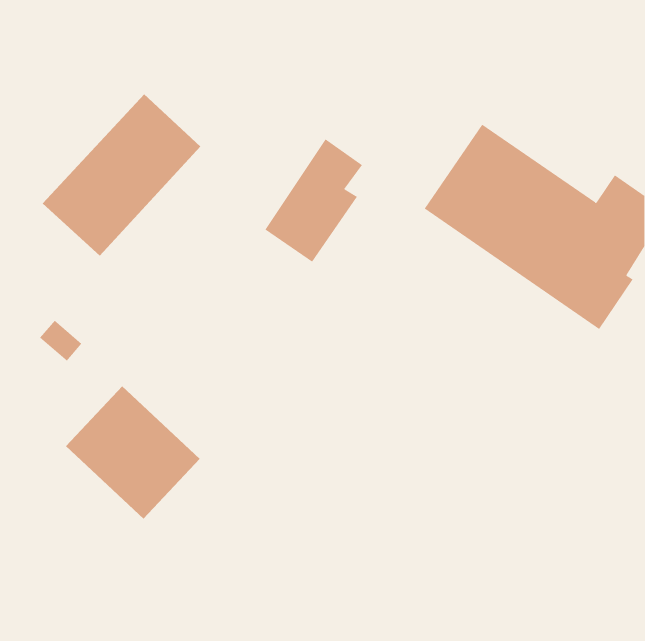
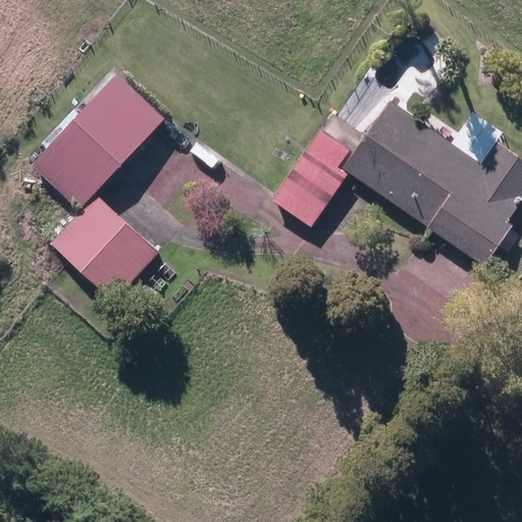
building: [264,139,363,262] -> [271,126,351,226]
building: [65,385,201,519] -> [49,193,158,301]

